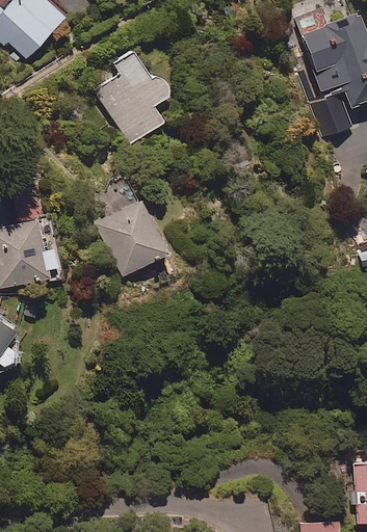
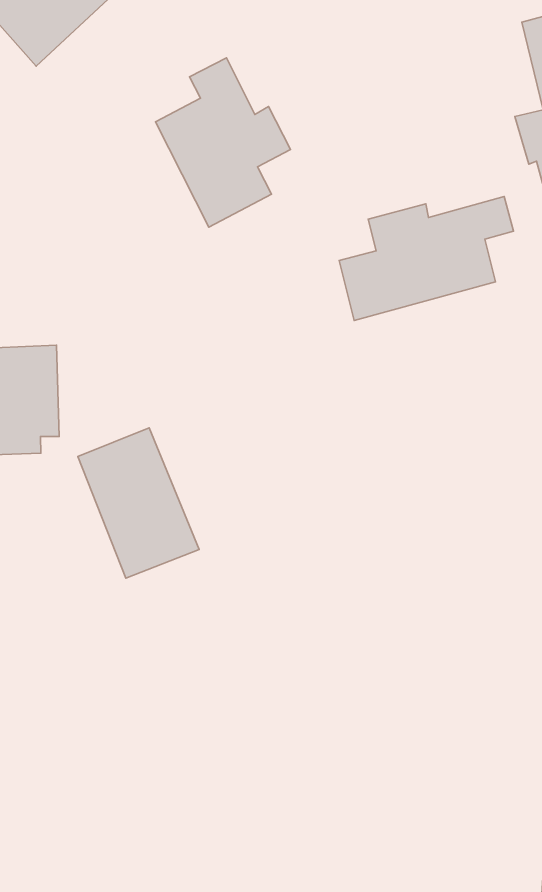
building: none -> [339,196,514,320]
building: [96,188,168,273] -> [78,428,199,578]

